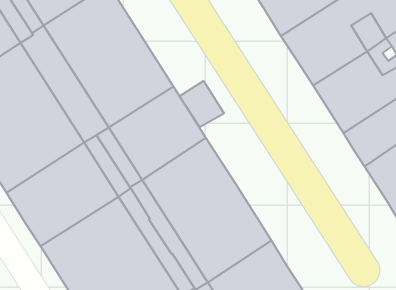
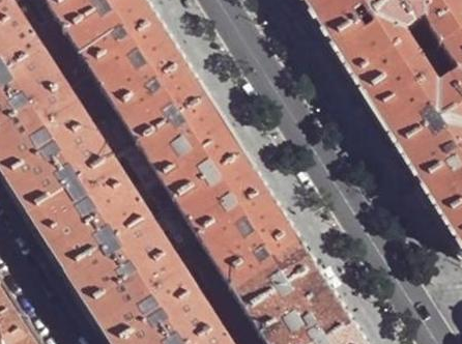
building: [180,81,224,127] -> none

